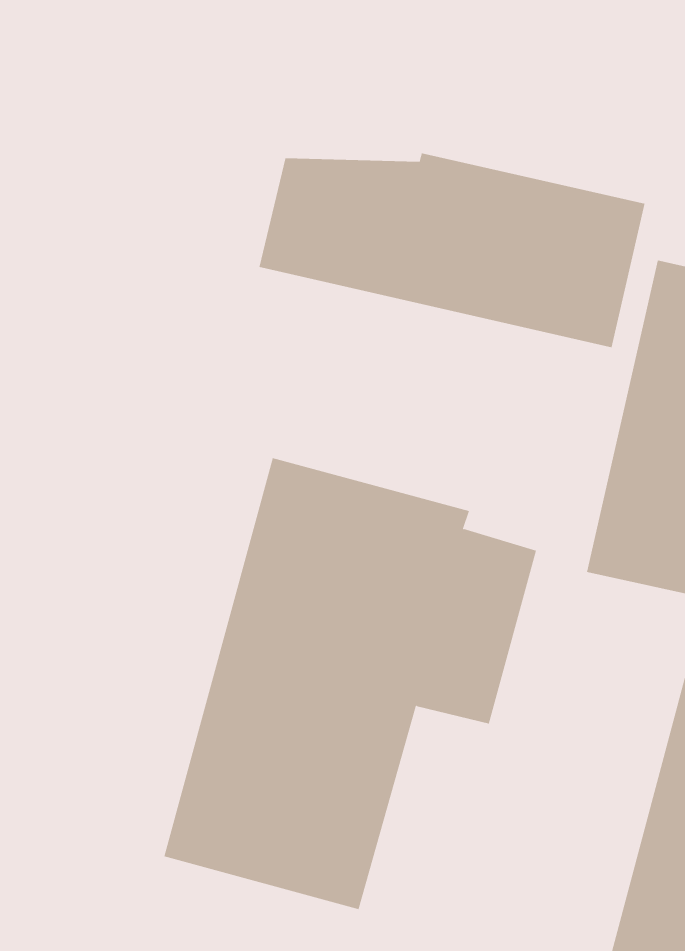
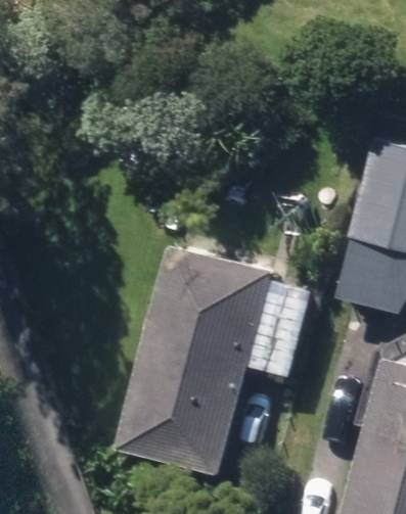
building: [259,153,645,348] -> none

